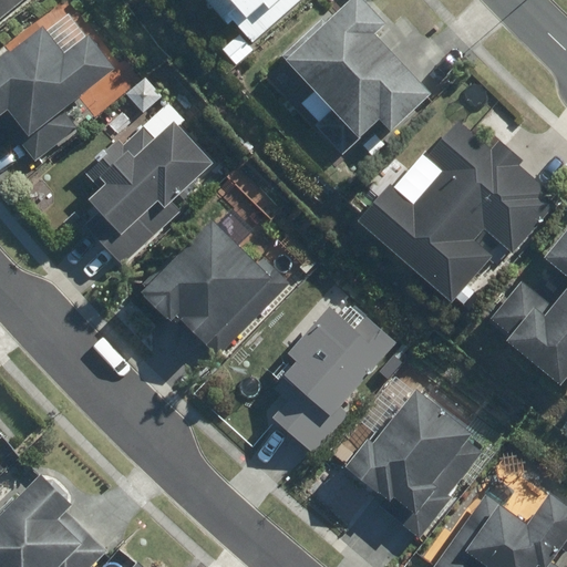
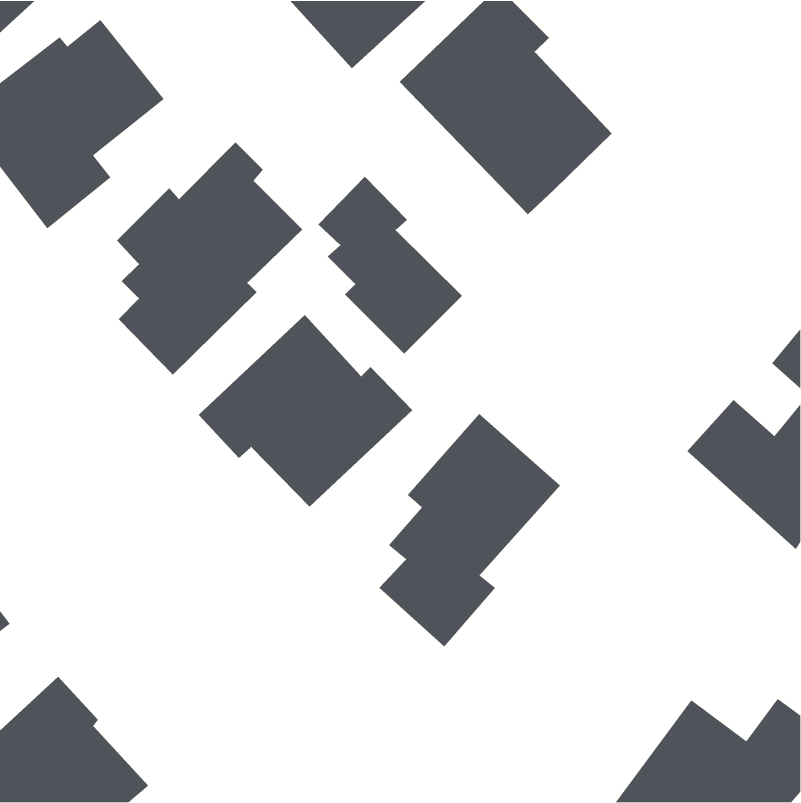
building: [359,120,557,301] -> none
building: none -> [317,176,463,354]
building: [346,381,504,539] -> none

